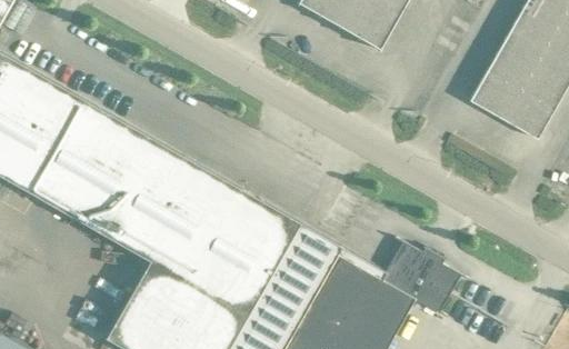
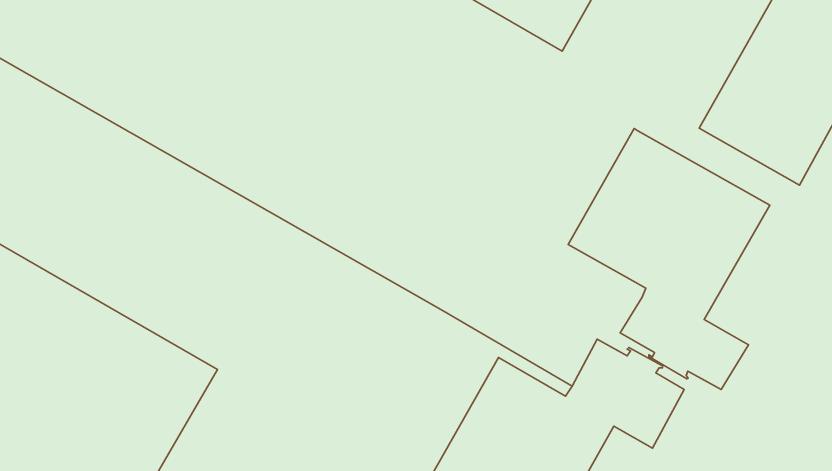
building: none -> [568,129,770,390]

